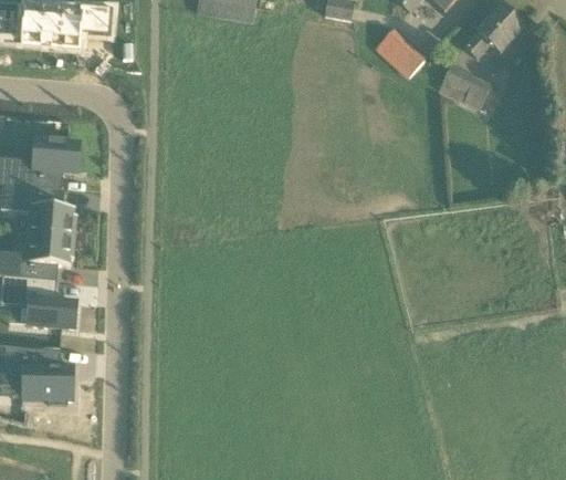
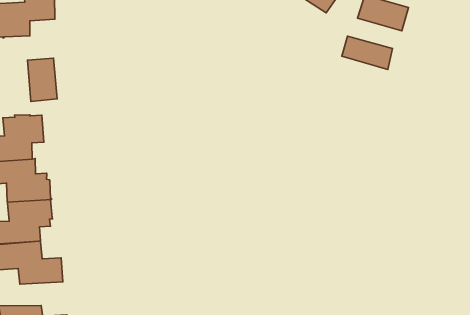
building: none -> [28,58,57,102]
building: none -> [342,36,393,69]

